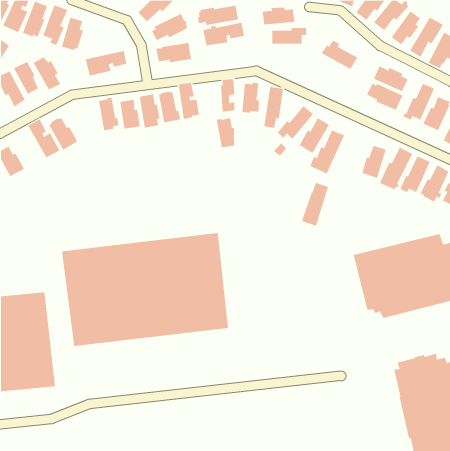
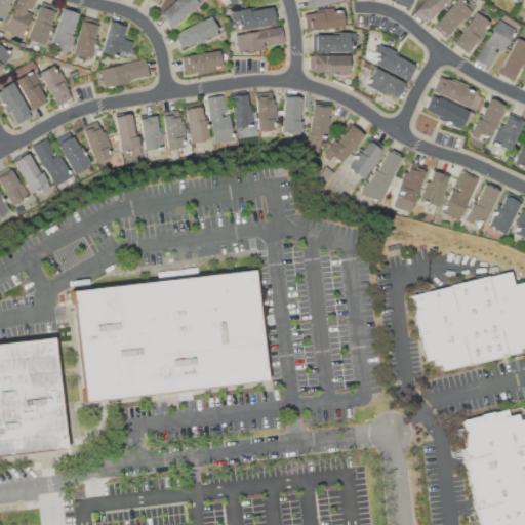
building: none -> [103,22,134,57]
building: none -> [311,56,350,75]
building: none -> [367,69,406,98]
building: none -> [85,127,116,164]
building: [216,118,235,148] -> [231,94,253,129]
building: none -> [15,153,51,194]
building: [301,182,329,227] -> [395,162,427,213]

